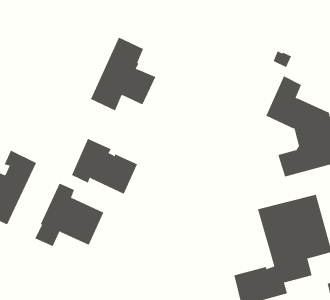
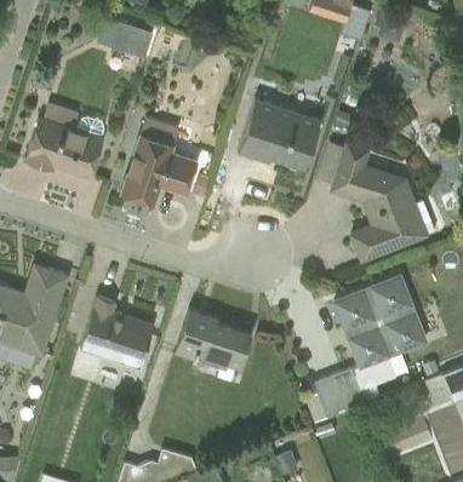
building: none -> [238,82,321,167]
building: none -> [23,116,103,178]
building: [71,138,138,195] -> [173,310,251,372]

